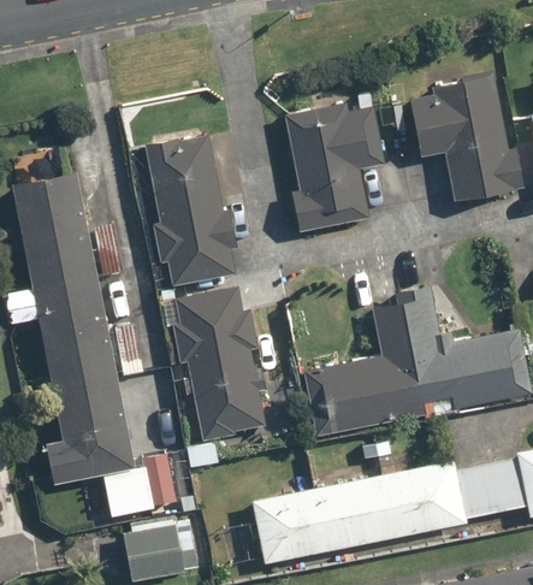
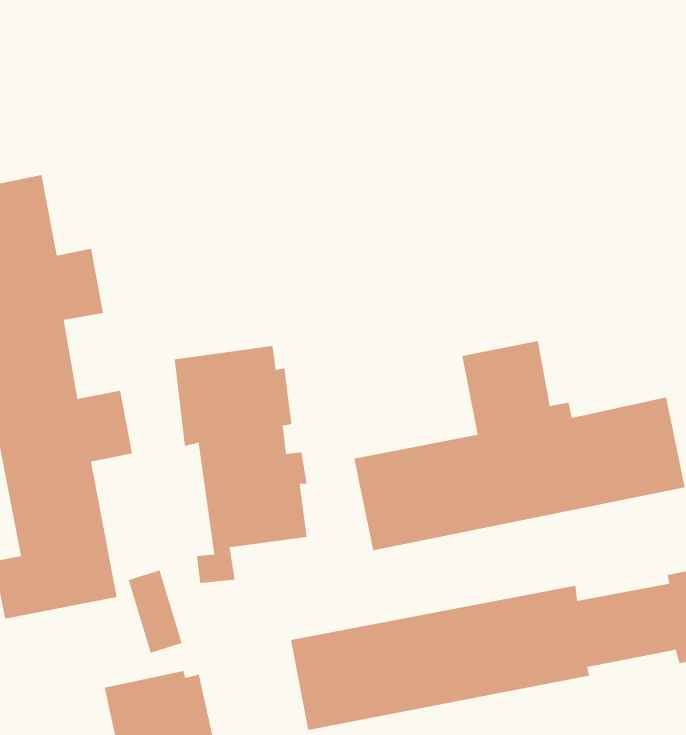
building: [408,75,526,202] -> none
building: [288,100,383,231] -> none
building: [143,137,237,289] -> none

